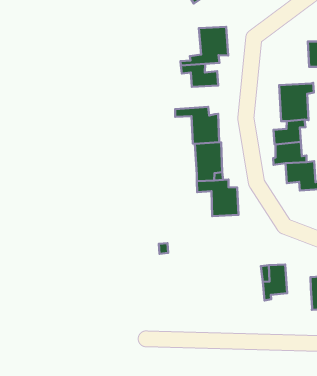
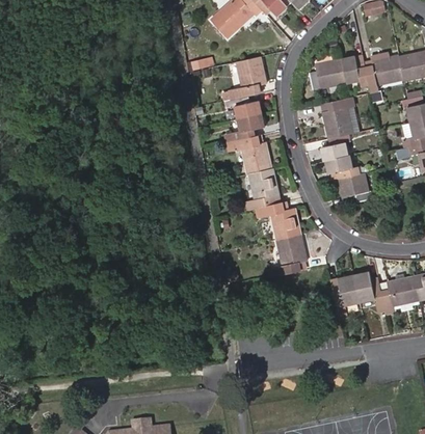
building: none -> [309,58,346,89]
building: none -> [223,113,264,142]
building: none -> [271,234,307,276]
building: none -> [352,271,384,313]

